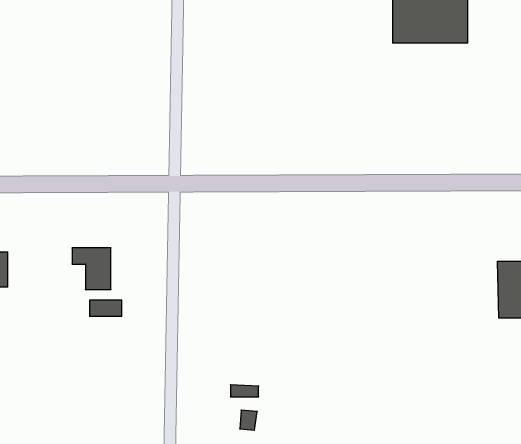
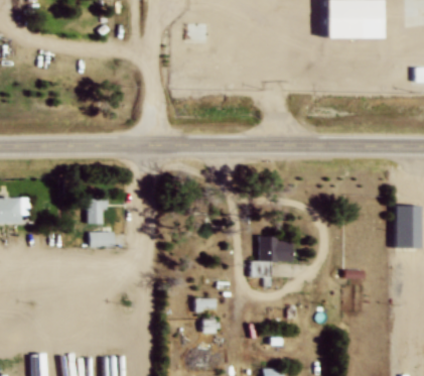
building: none -> [252,235,293,285]

